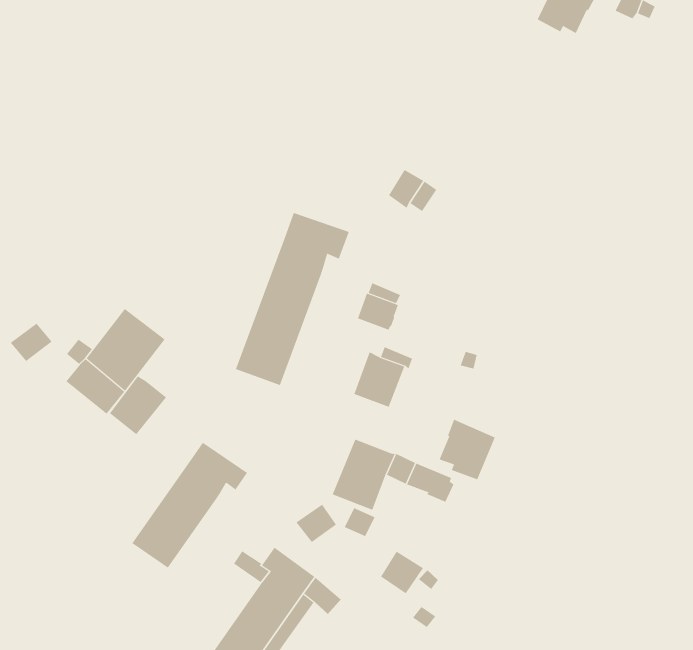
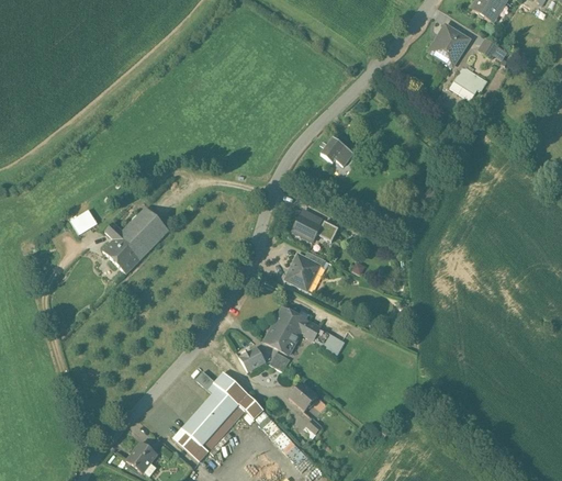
building: none -> [450,66,487,99]
building: [235,212,349,386] -> none
building: [109,375,167,435] -> none
building: [439,419,495,480] -> none
building: [132,442,248,569] -> none

